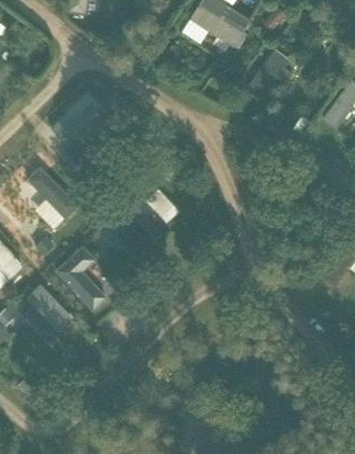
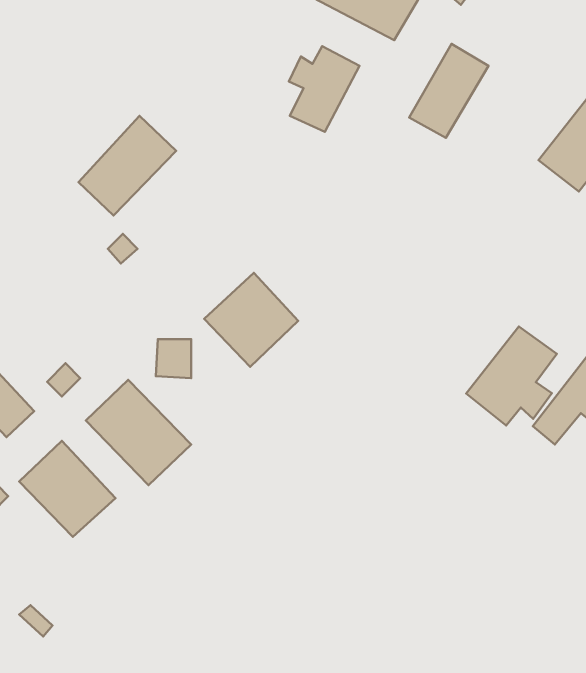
building: none -> [289,46,359,132]
building: [24,166,76,219] -> none
building: none -> [466,327,557,425]

